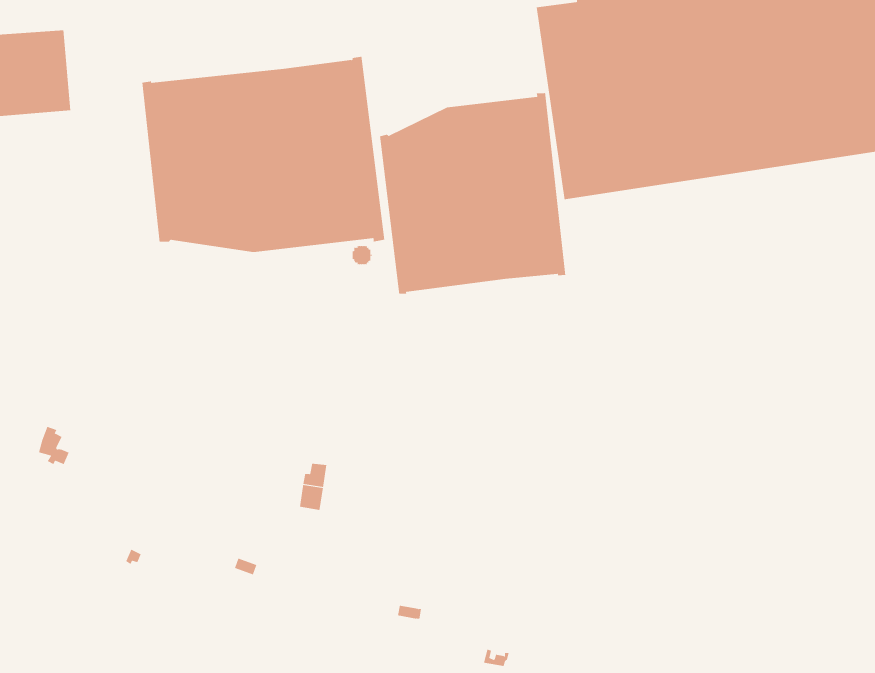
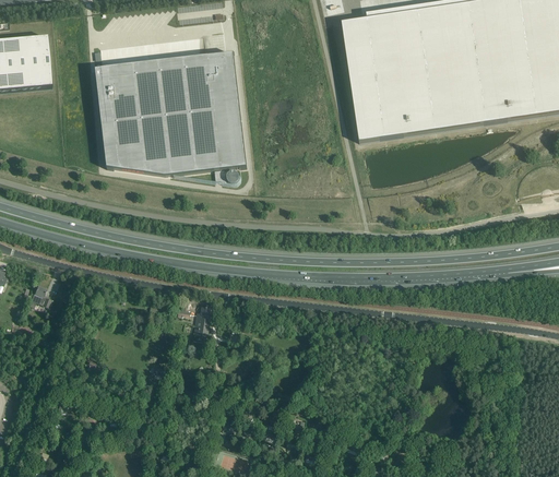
building: [380,92,566,295] -> none

